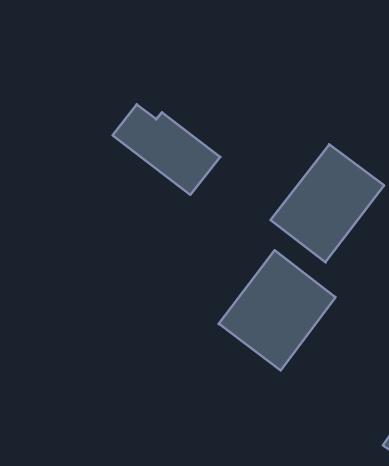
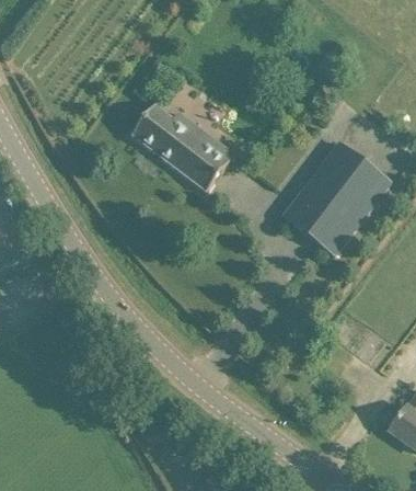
building: [219,250,335,370] -> none

